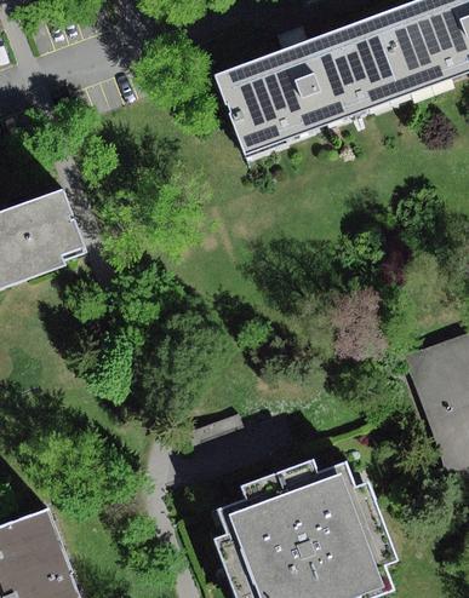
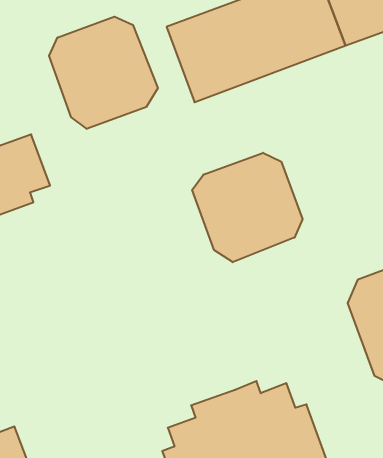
building: none -> [49,17,158,129]
building: none -> [192,153,302,262]

